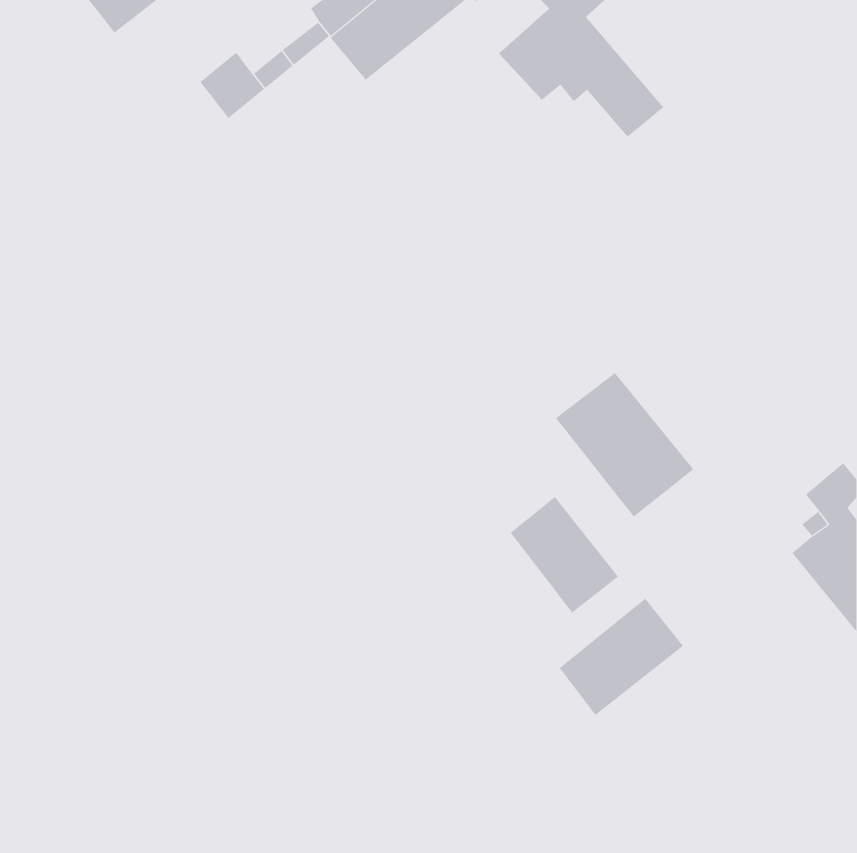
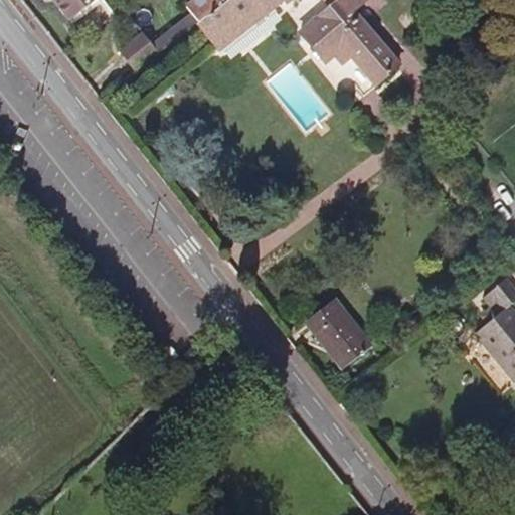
building: [555,372,694,518] -> none
building: [559,598,684,716] -> none

